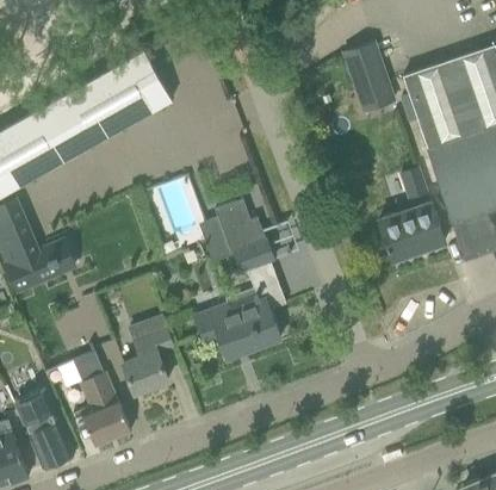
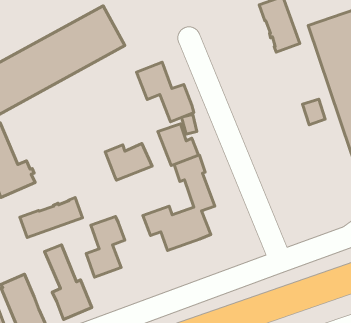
building: none -> [137,62,194,122]
building: [378,203,445,261] -> none
building: none -> [105,143,152,180]
building: none -> [20,198,82,237]

